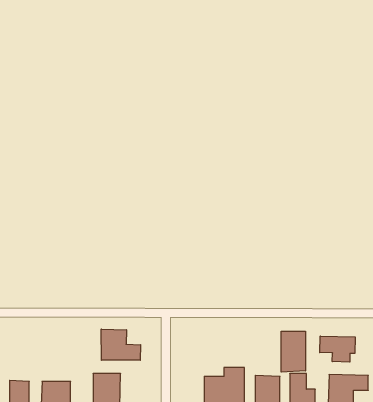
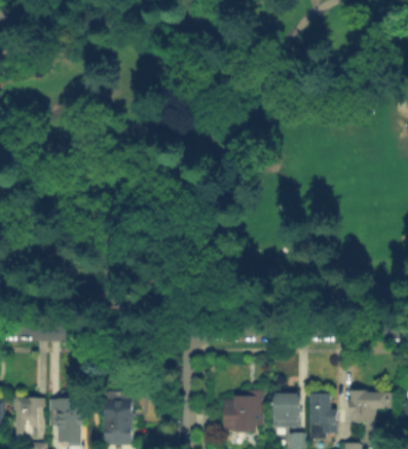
building: [101,329,141,360] -> none
building: [281,331,305,372] -> none
building: [320,336,355,362] -> none

